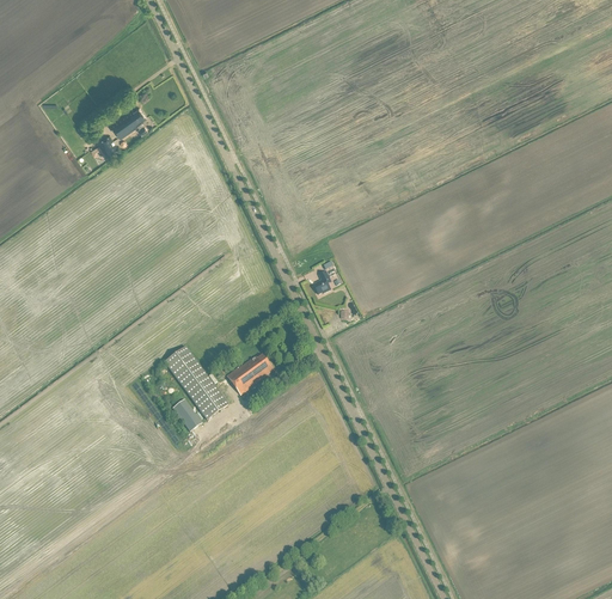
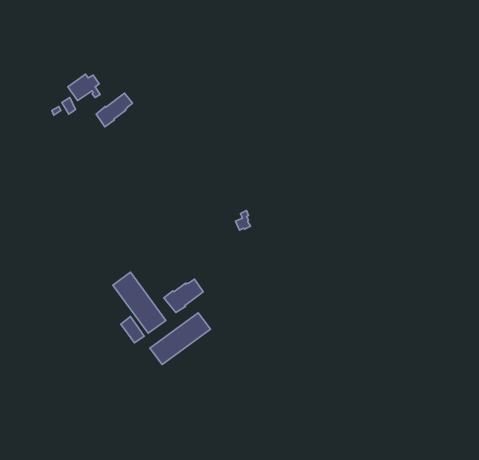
building: none -> [96,93,133,127]
building: none -> [150,313,210,365]

